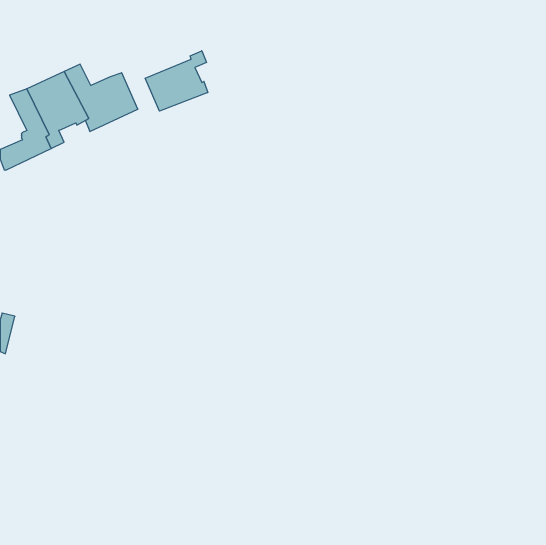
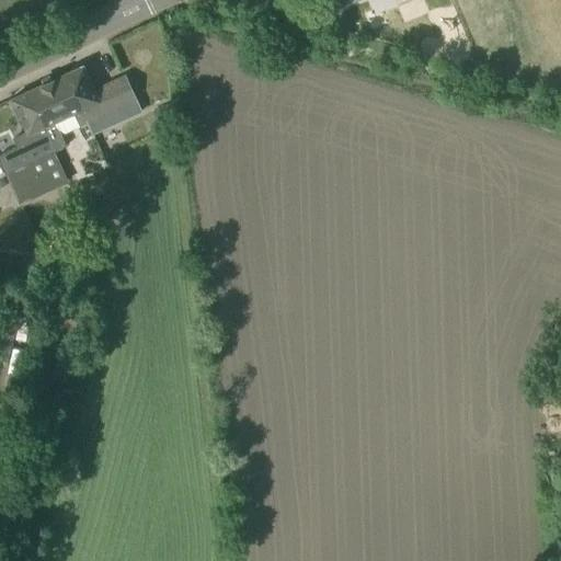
building: [145,51,208,111] -> none
building: none -> [7,152,66,203]

